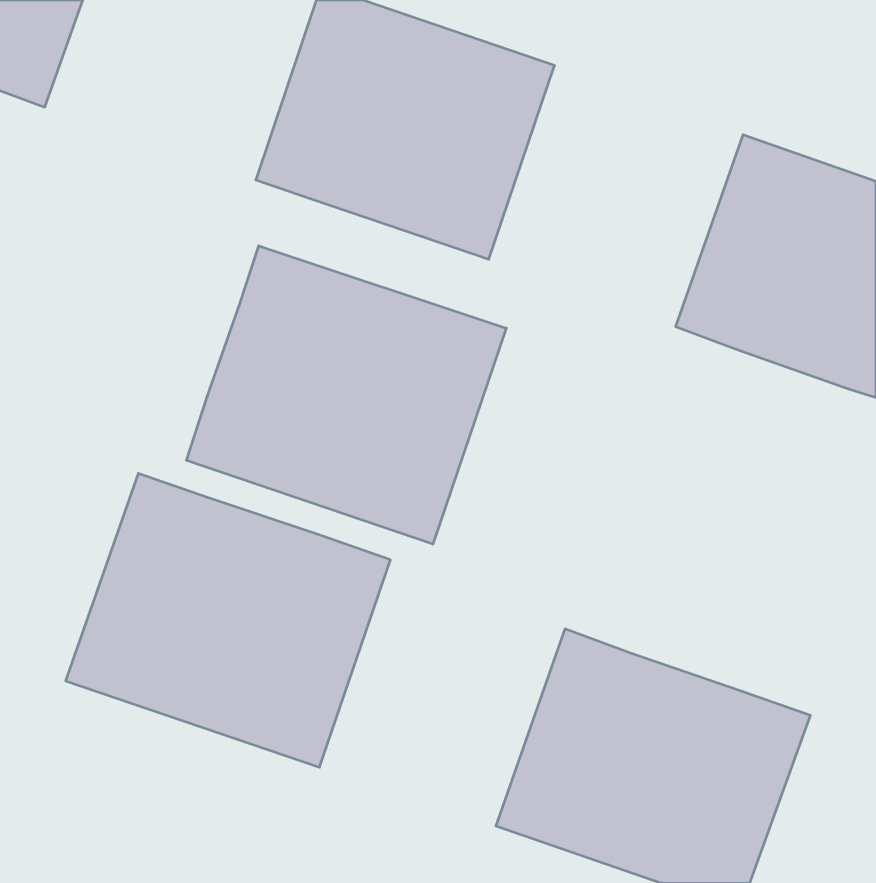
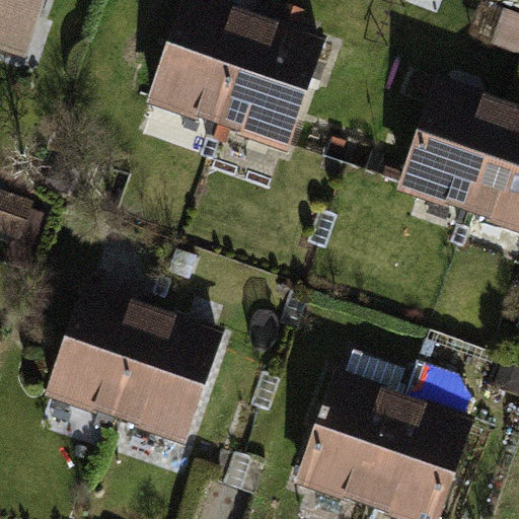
building: [186,246,506,544] -> none

